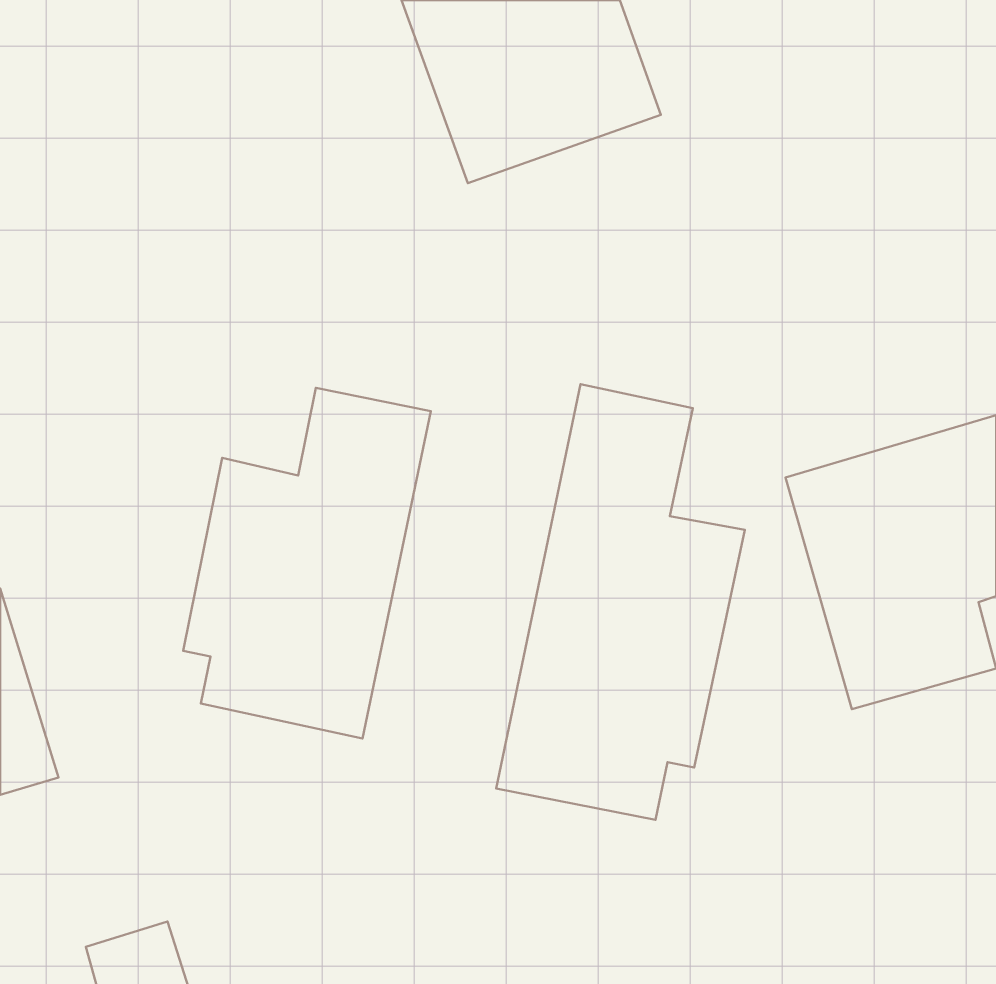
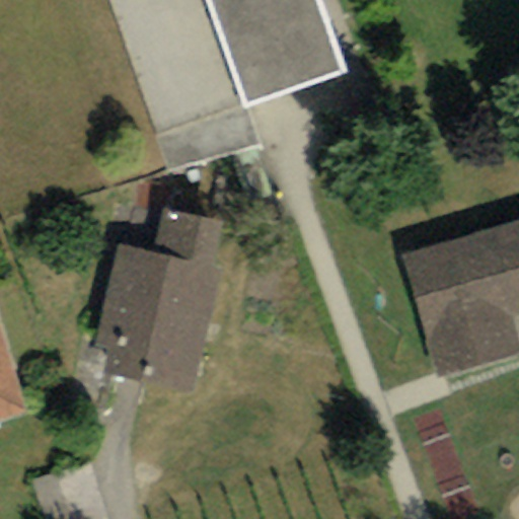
building: [496,384,745,820] -> none

